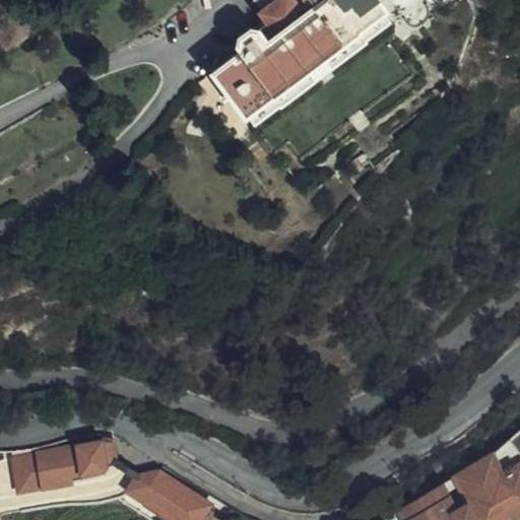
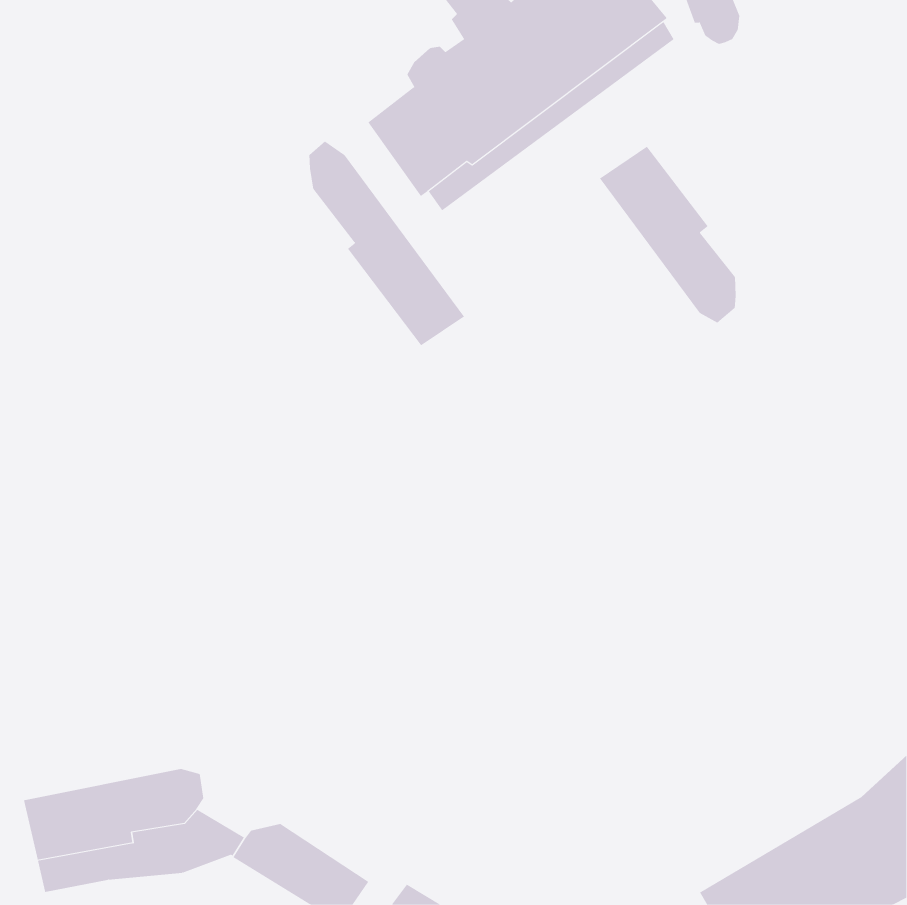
building: none -> [309,141,465,346]
building: none -> [599,146,736,324]

